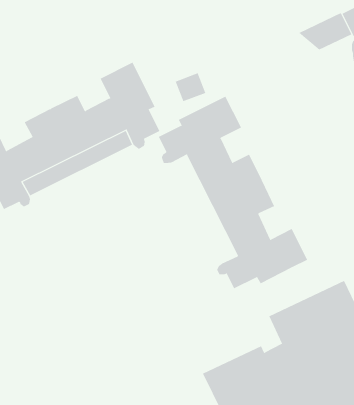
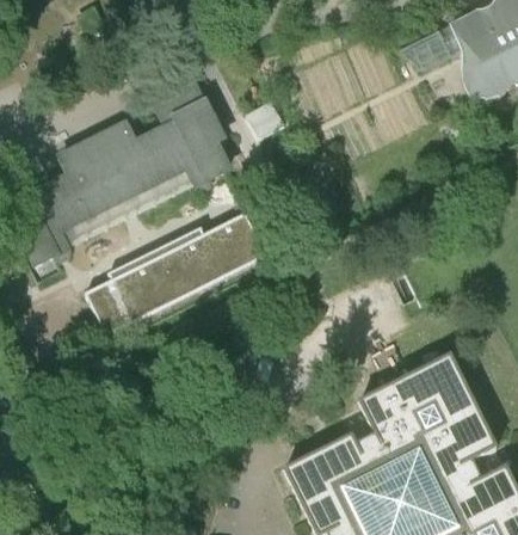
building: [158,96,308,289] -> none
building: none -> [85,214,267,338]

